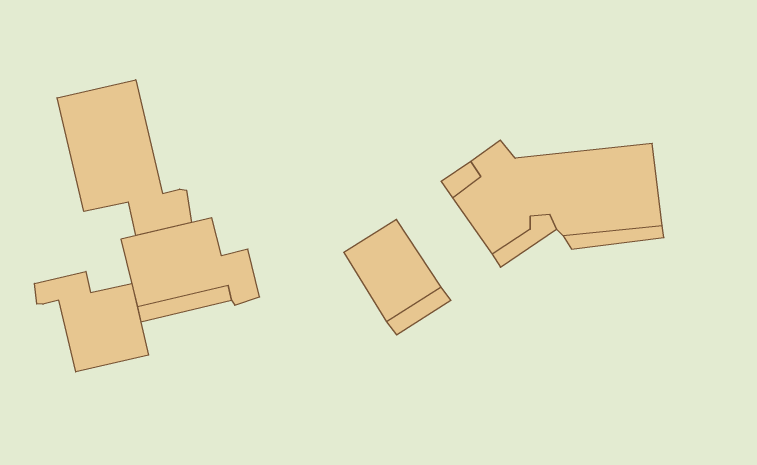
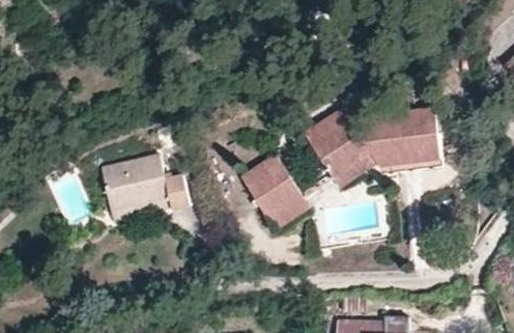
building: [57,80,191,235] -> none
building: [34,271,149,372] -> none

